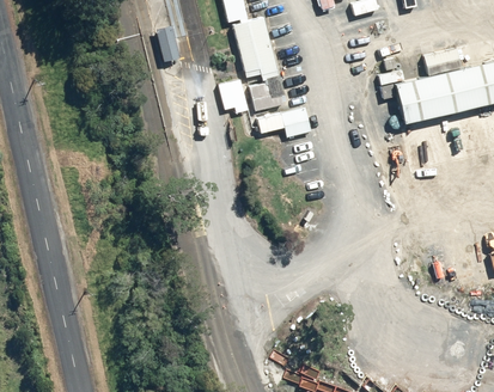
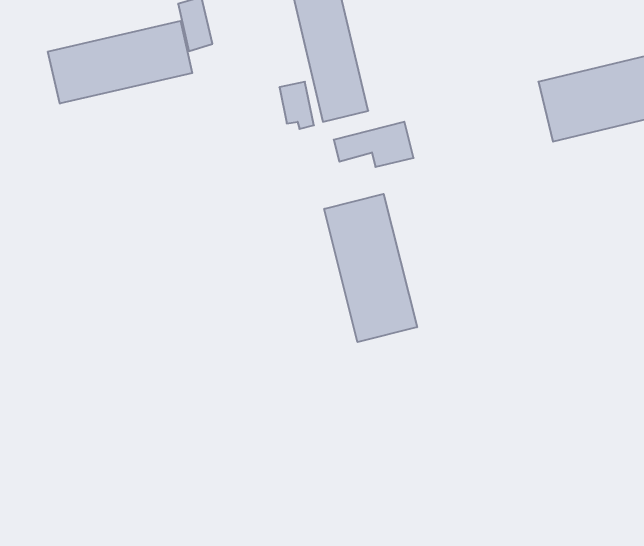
building: none -> [48,21,192,104]
building: none -> [324,194,417,342]

